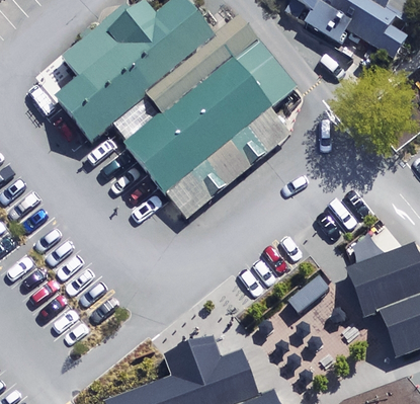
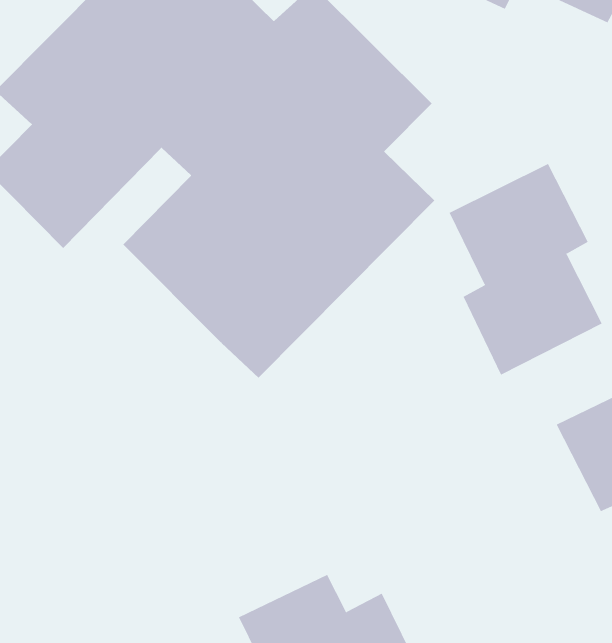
building: none -> [449,163,602,376]

